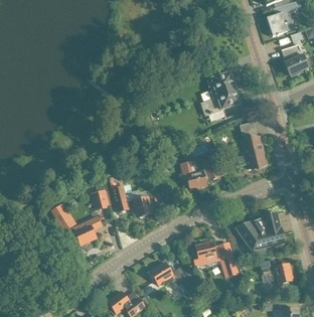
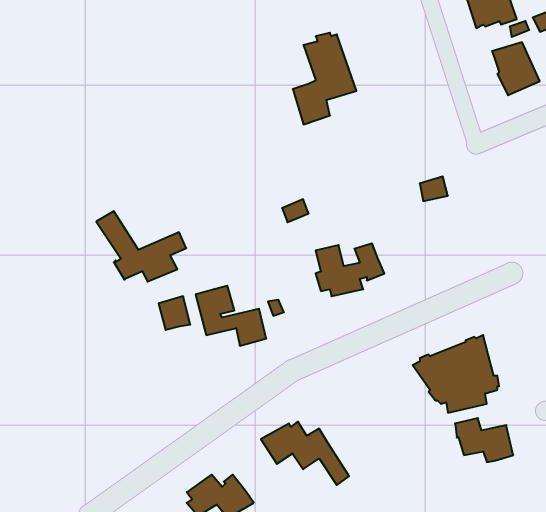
building: [204,70,241,123] -> [293,33,356,124]
building: [242,136,266,169] -> none
building: [50,204,102,245] -> [96,211,186,282]
building: [193,241,236,277] -> none

